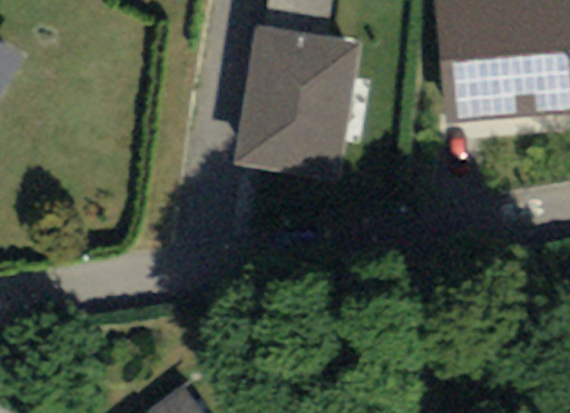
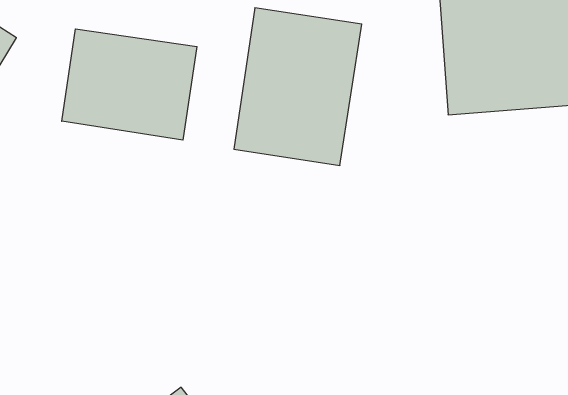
building: none -> [62,29,197,140]

